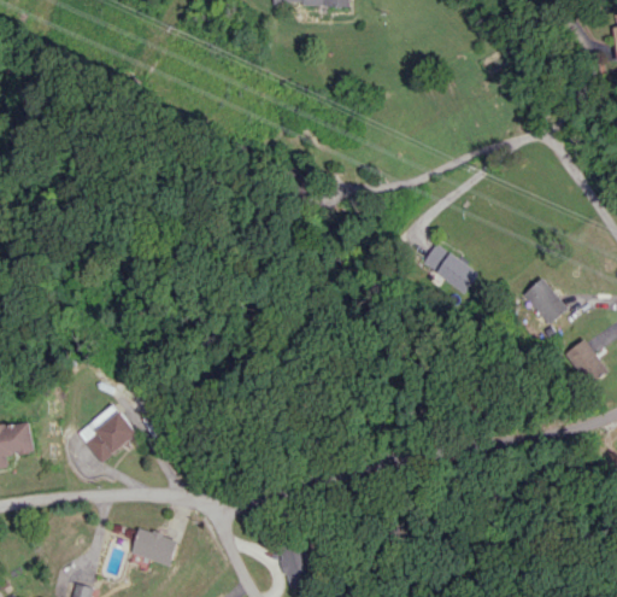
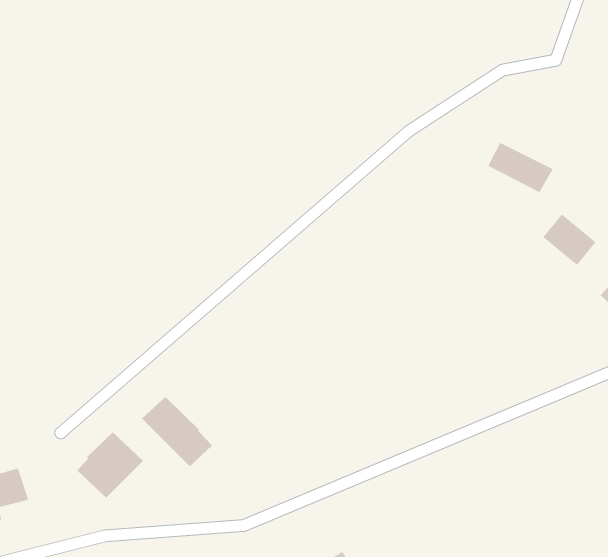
building: [421,242,478,293] -> [487,142,554,193]
building: none -> [141,396,213,467]

